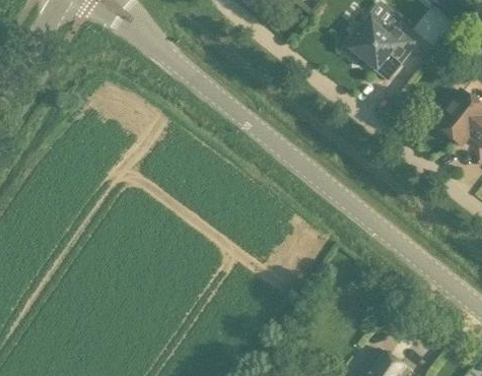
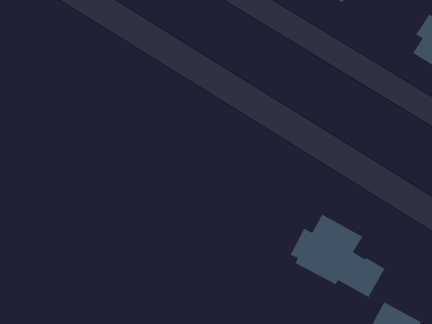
building: none -> [289,213,385,298]

